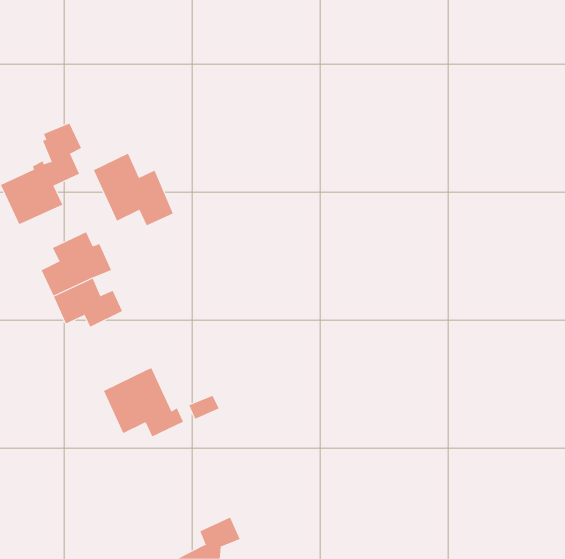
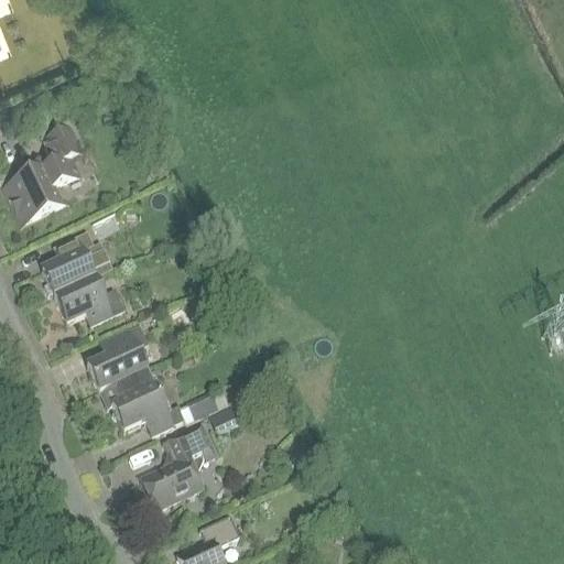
building: [93,153,174,226] -> none
building: none -> [86,324,149,391]
building: none -> [140,420,218,509]

